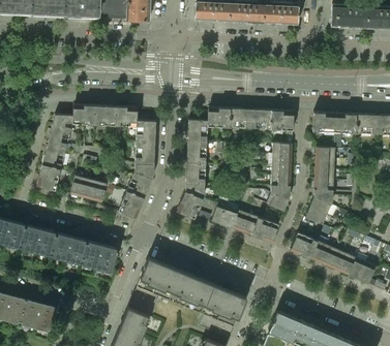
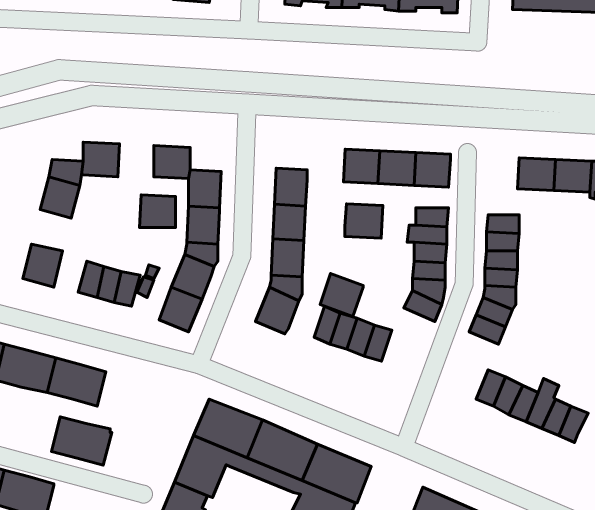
building: [94,105,116,125] -> [139,195,176,228]
building: [208,107,231,128] -> [345,204,383,238]
building: [312,113,335,132] -> none
building: [42,145,66,169] -> none
building: [252,217,278,243] -> [320,273,363,317]
building: [290,232,317,258] -> none
building: [82,242,118,271] -> [51,417,112,465]

